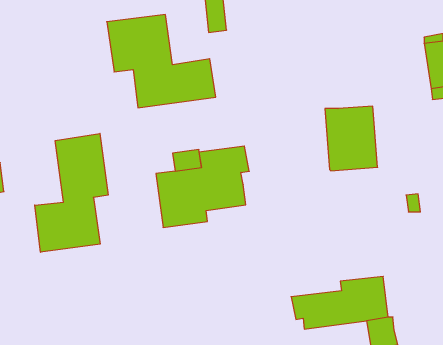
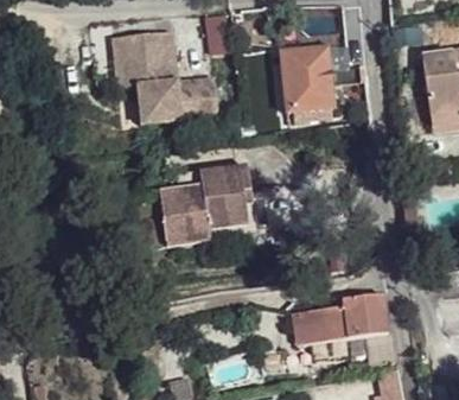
building: [325,106,378,171] -> [280,45,332,109]
building: [35,133,108,252] -> none

